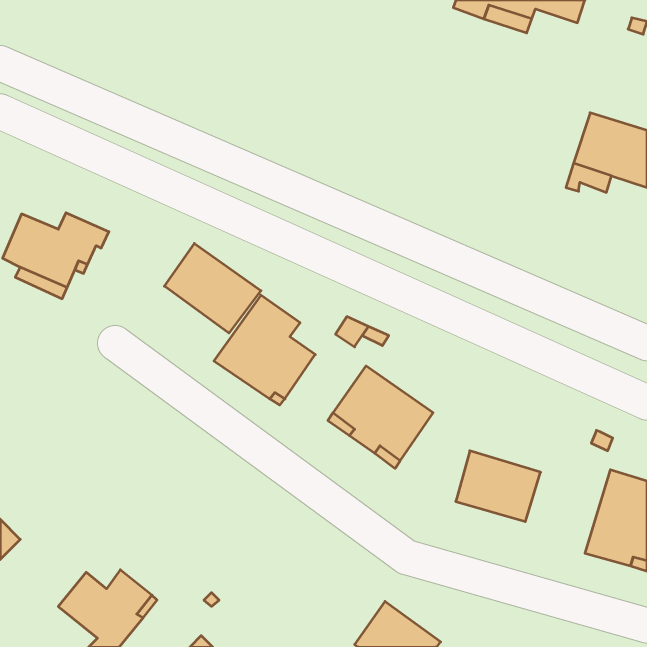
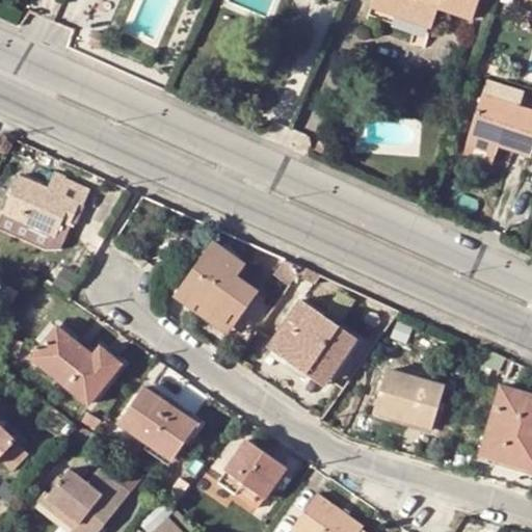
building: [164,243,261,333] -> none
building: none -> [32,325,121,401]
building: none -> [121,389,196,457]
building: none -> [217,441,285,503]

